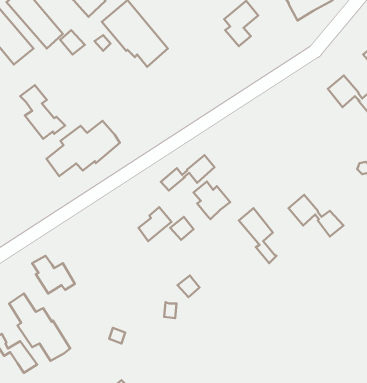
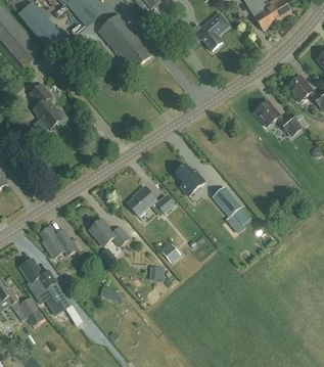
building: [46,121,120,176] -> none
building: [161,155,215,191] -> none
building: [288,195,343,236] -> [254,100,300,135]
building: none -> [89,219,128,246]

